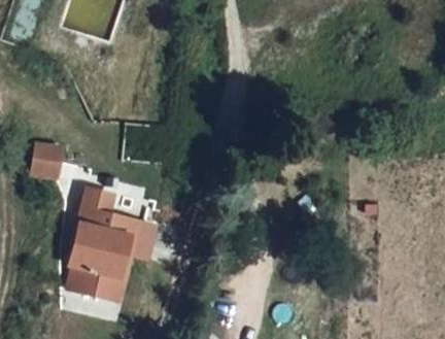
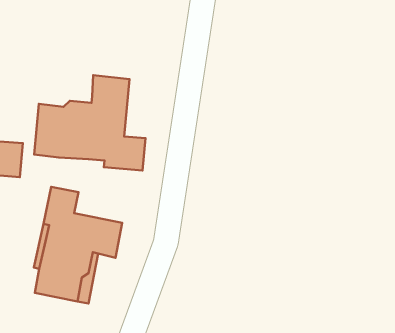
building: none -> [34,75,146,171]

